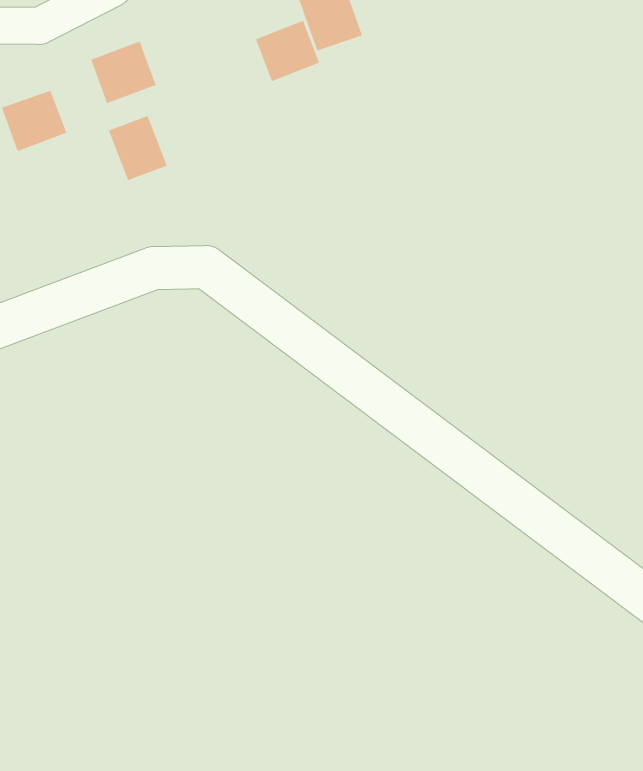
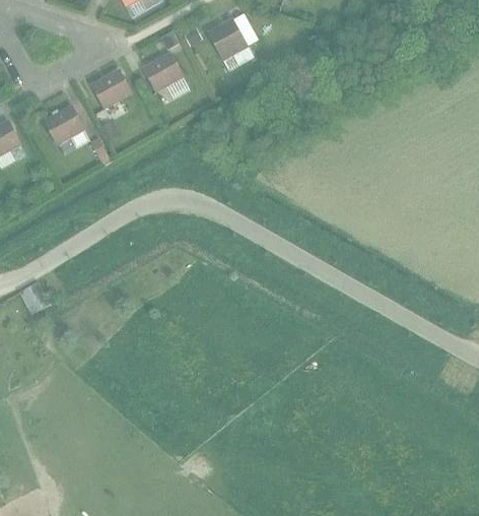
building: [255,20,320,82] -> [143,52,183,90]
building: [108,115,167,181] -> none

